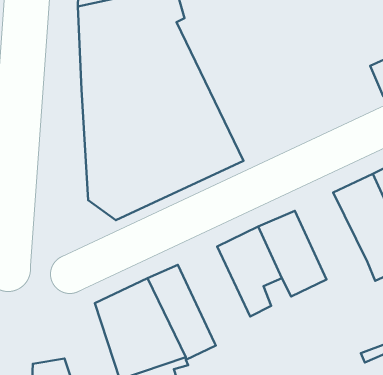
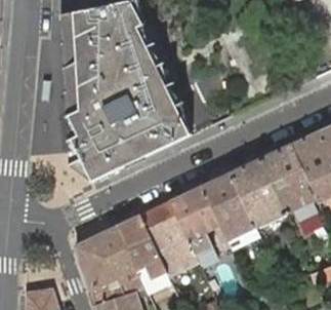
building: none -> [231,159,287,229]
building: none -> [139,201,199,276]

